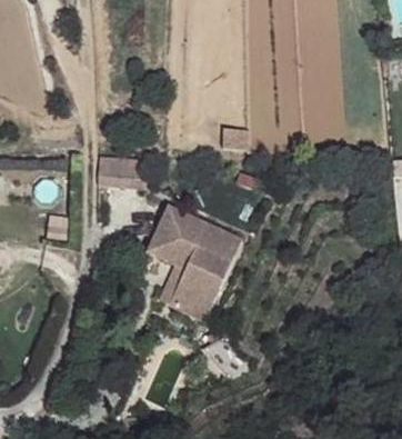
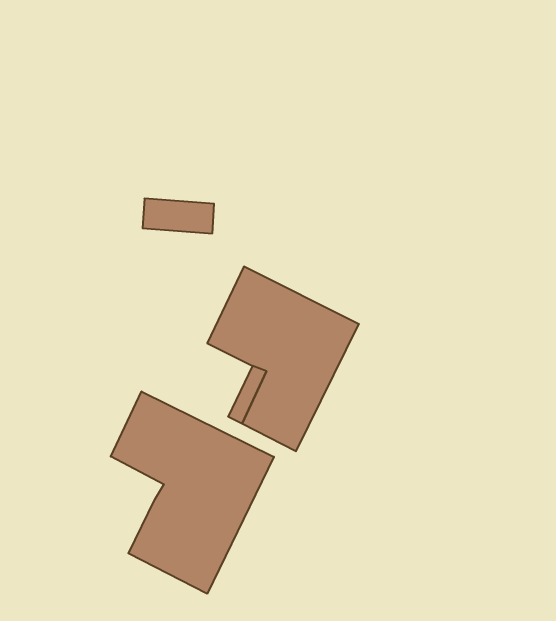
building: none -> [111,391,274,594]

